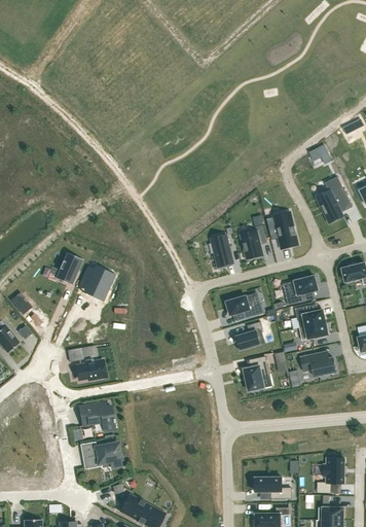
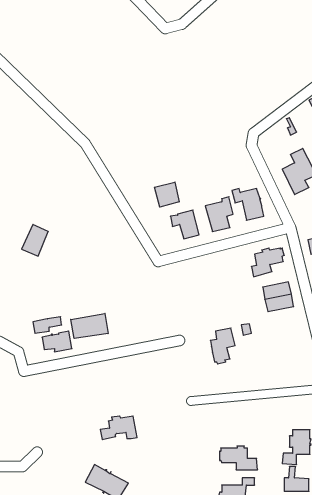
building: none -> [154,182,179,207]
building: [83,268,115,302] -> none
building: [224,293,264,317] -> none
building: [236,321,265,350] -> none
building: none -> [71,313,108,338]
building: [301,351,336,377] -> none
building: [80,401,115,431] -> none
building: [84,444,121,467] -> [100,416,137,440]

